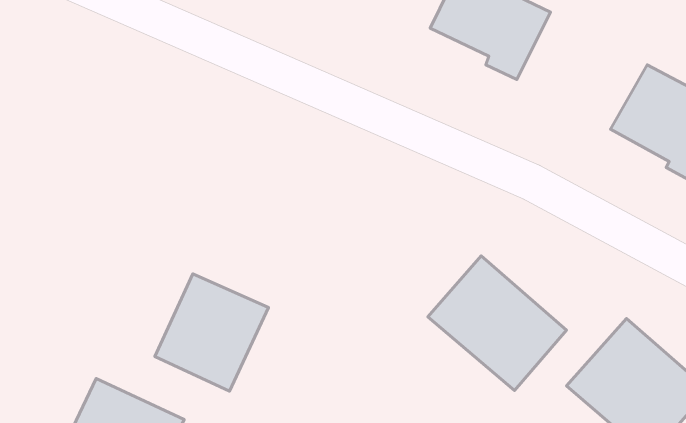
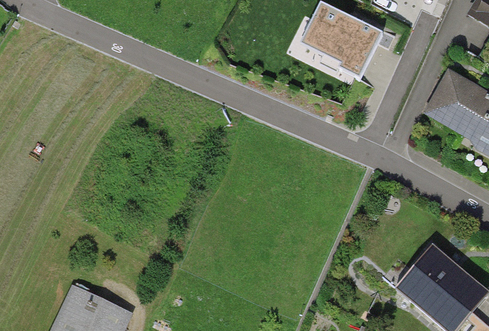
building: [428,256,567,391] -> none
building: [155,274,268,391] -> none

